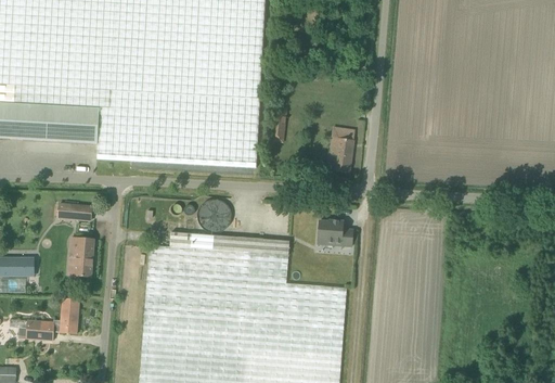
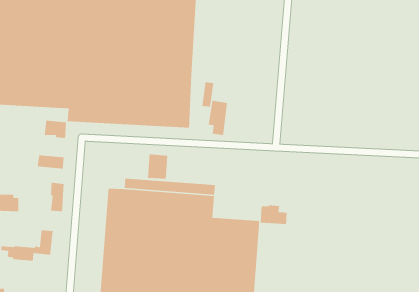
building: [327,127,353,174] -> [208,100,228,136]
building: none -> [44,120,67,139]
building: [317,220,352,246] -> [260,205,288,225]

